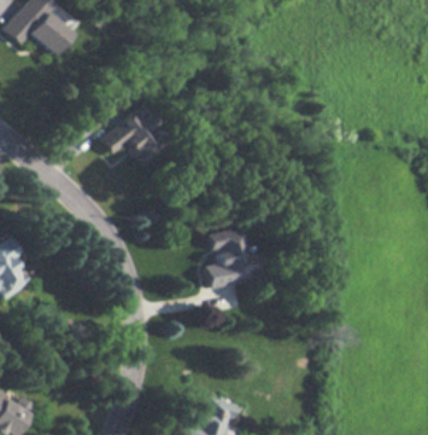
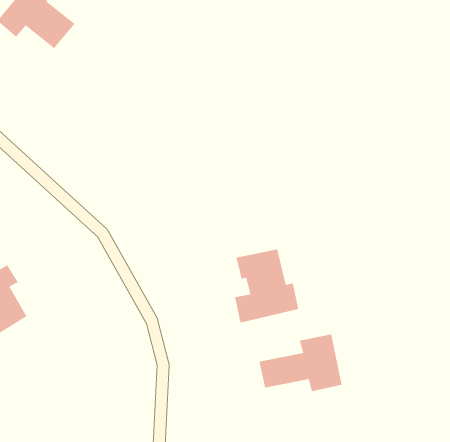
building: [99,108,163,166] -> none
building: none -> [258,333,343,392]

